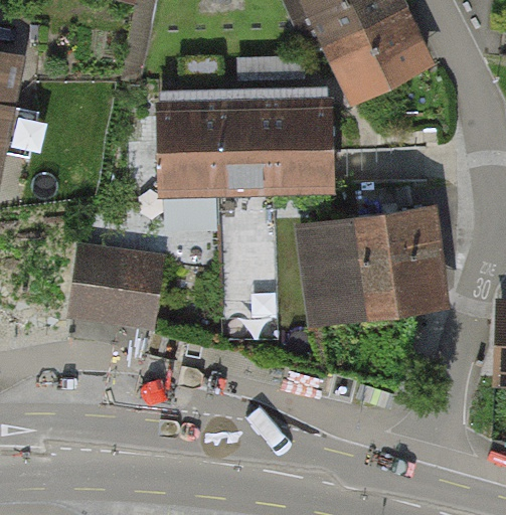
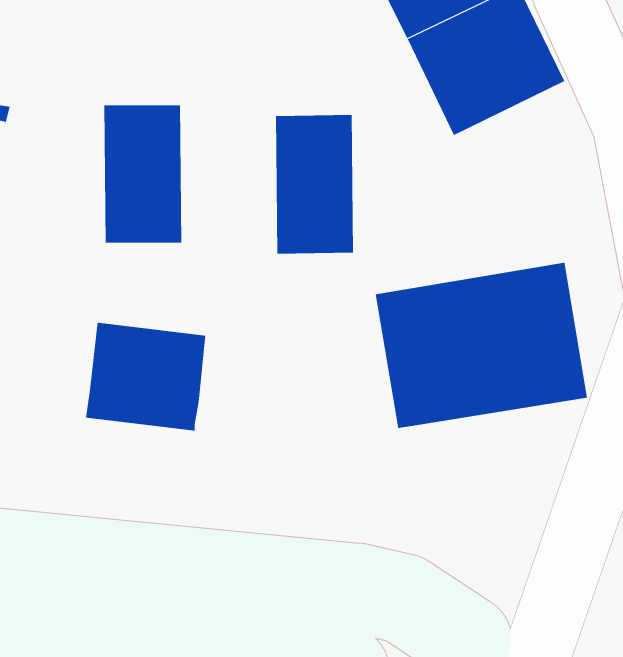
building: [274,91,333,196] -> none
building: [157,93,216,197] -> [104,105,182,243]

